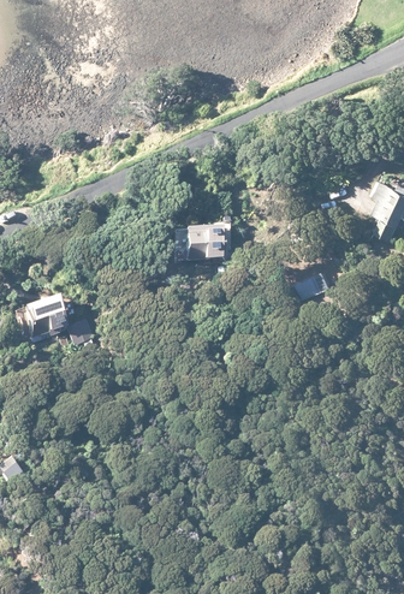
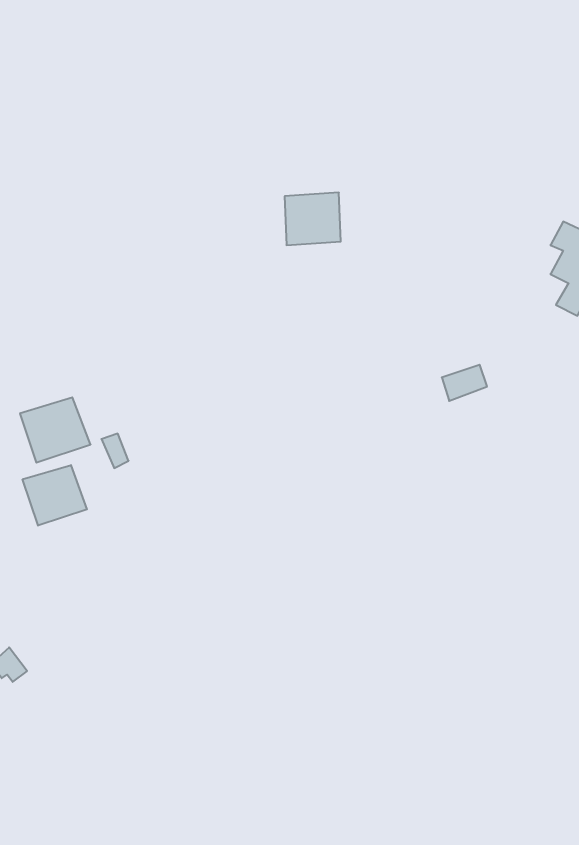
building: [183,225,220,260] -> [285,193,341,245]
building: none -> [23,465,87,526]

